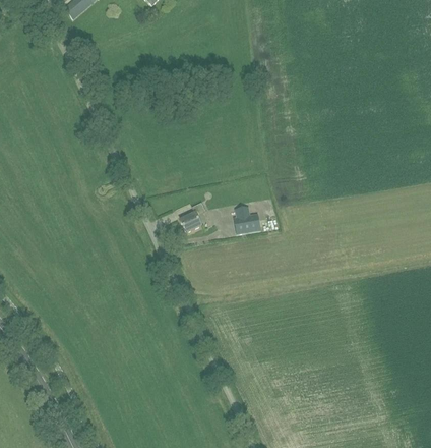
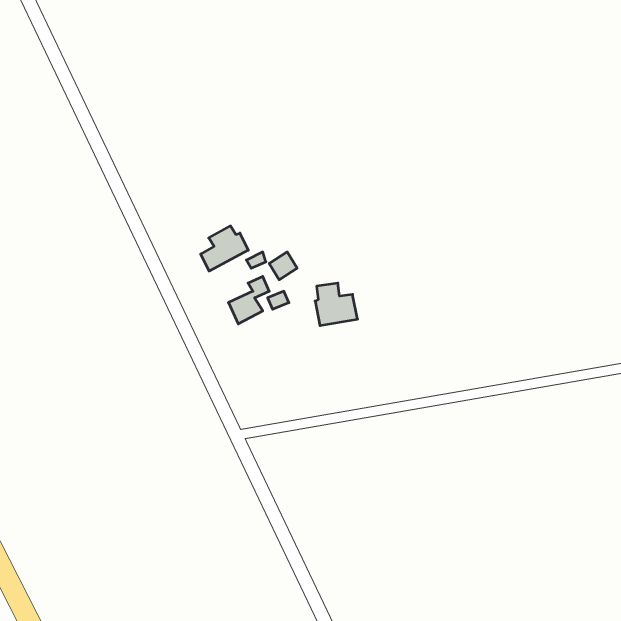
building: none -> [201,226,248,271]

